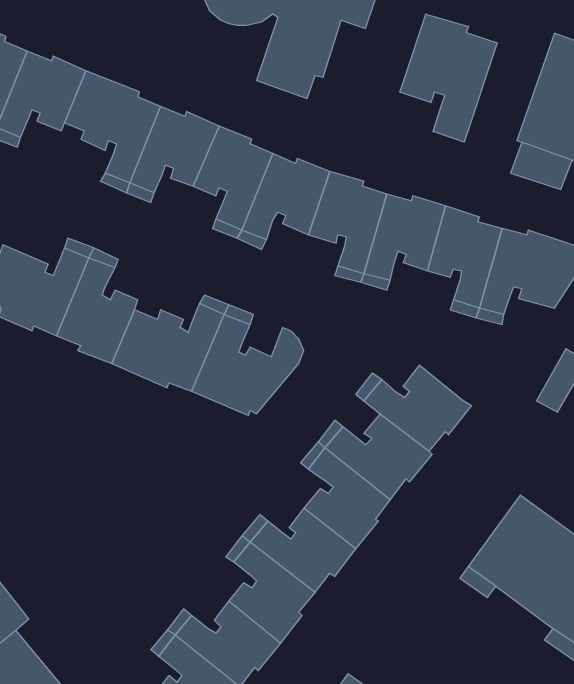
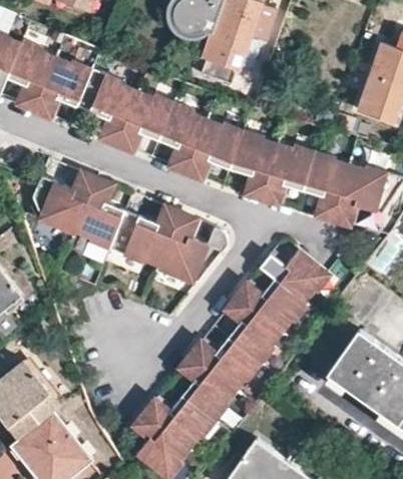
building: [400,14,497,142] -> none

